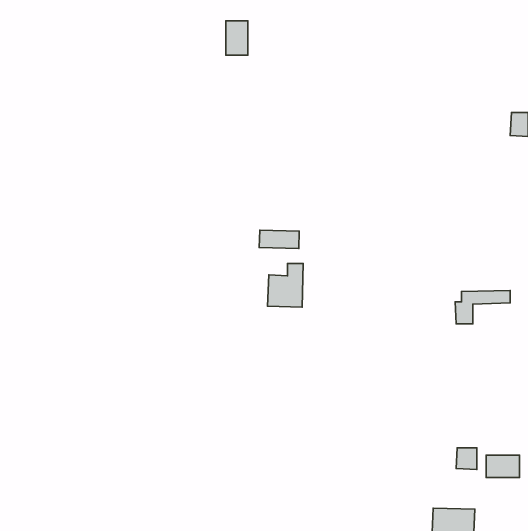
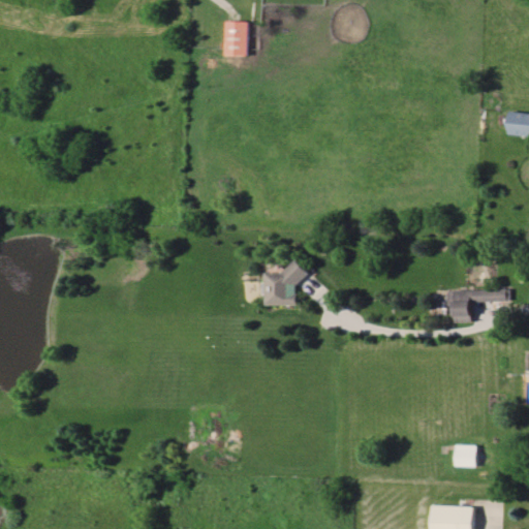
building: [259,230,299,249] -> none
building: [486,455,520,477] -> none

